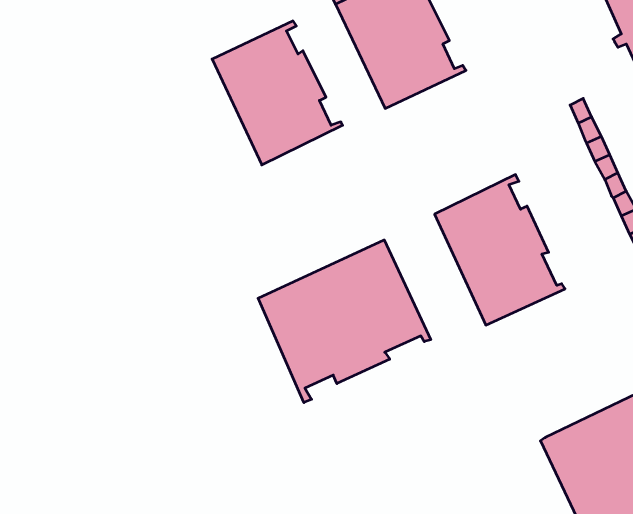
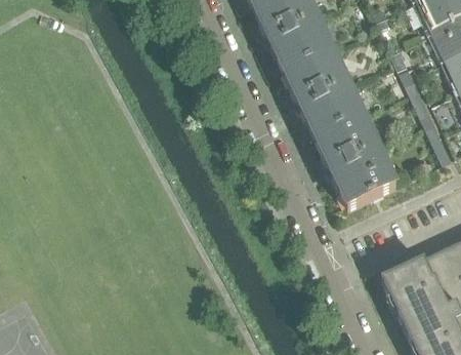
building: [212,21,343,165] -> [285,49,366,139]
building: [258,240,431,403] -> none

